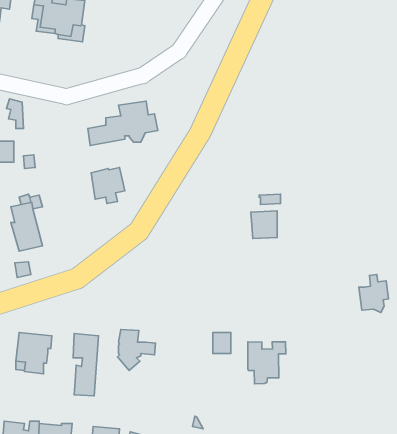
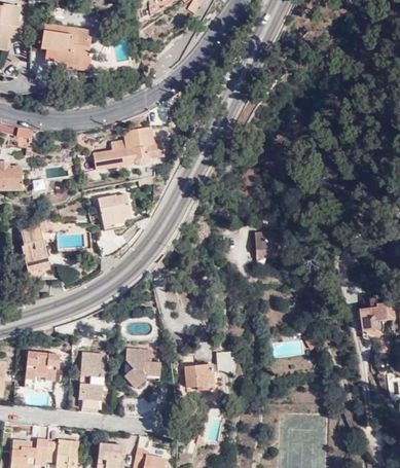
building: [248,342,286,384] -> none
building: none -> [185,363,215,391]

